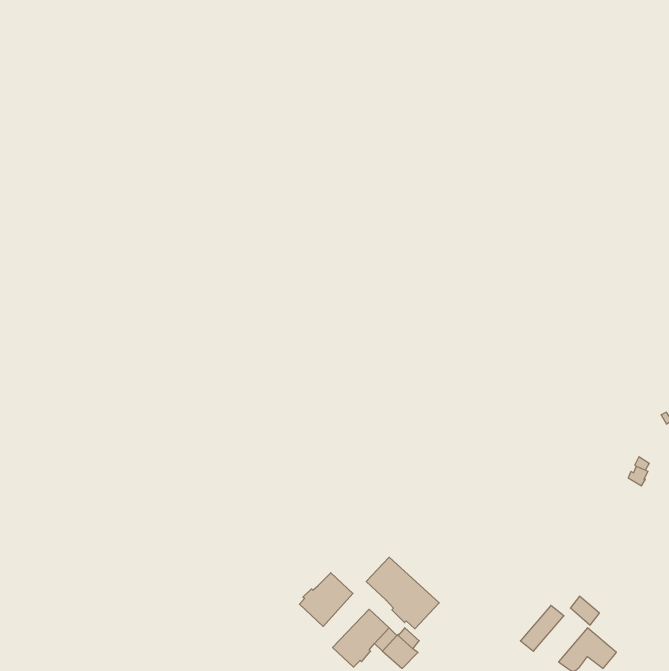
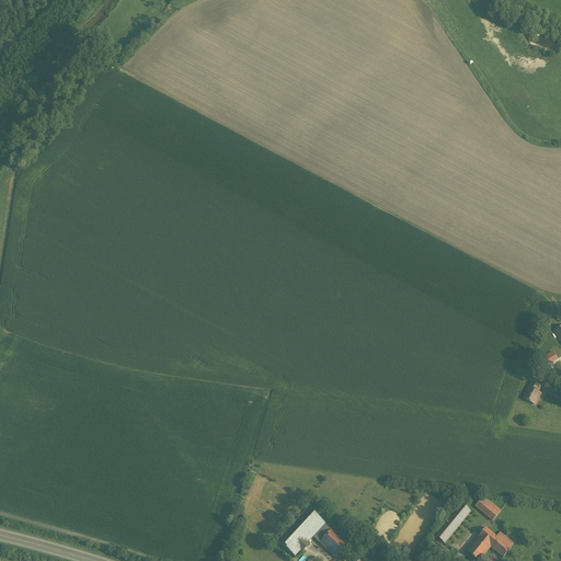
building: [366,557,439,629] -> none
building: [299,573,353,626] -> none

